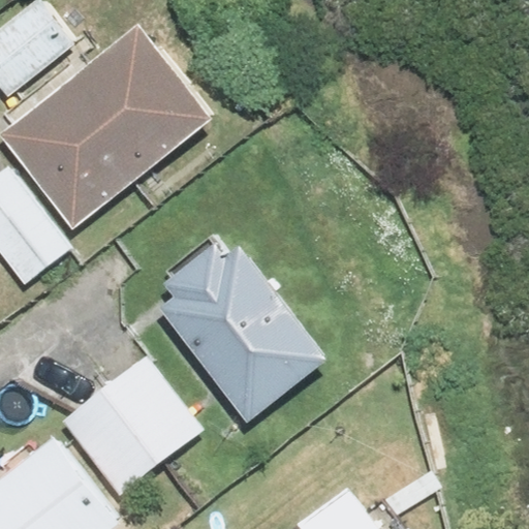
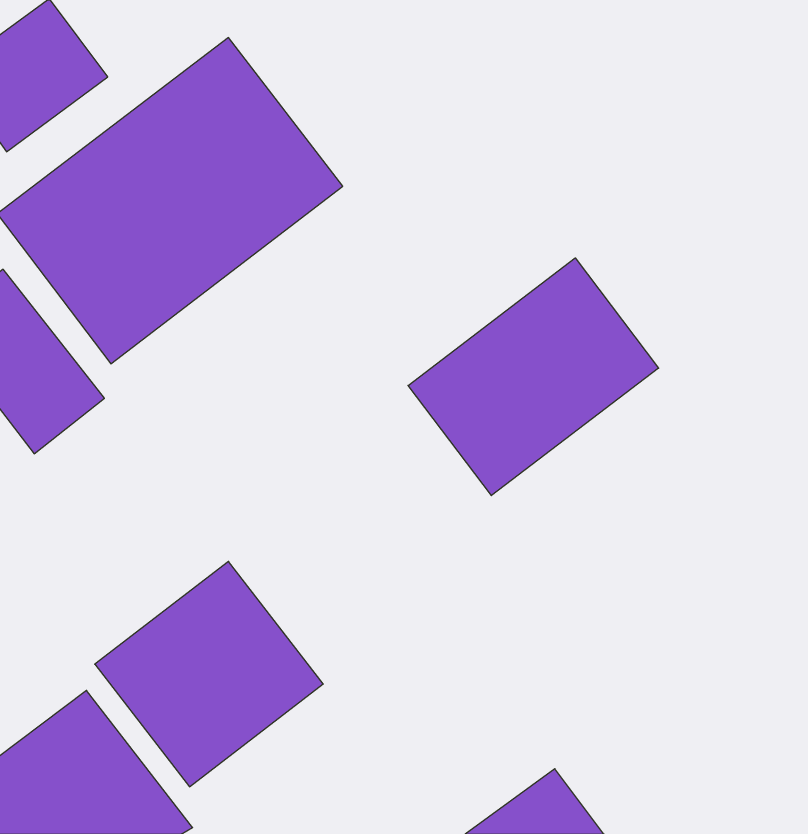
building: none -> [408,258,659,496]
building: [155,227,321,407] -> none

